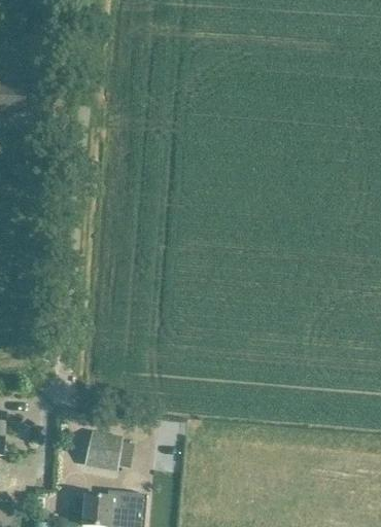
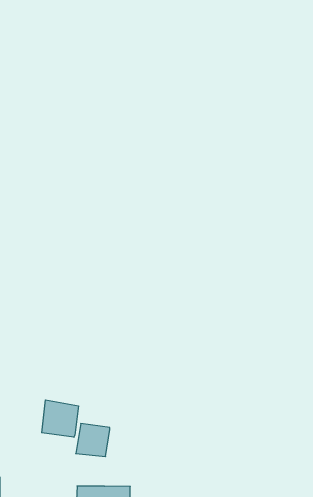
building: none -> [42,400,78,437]

